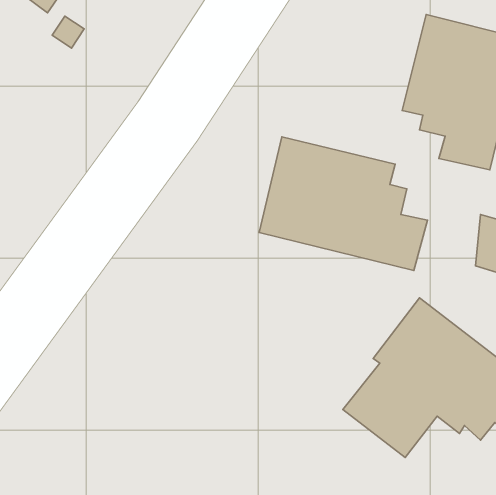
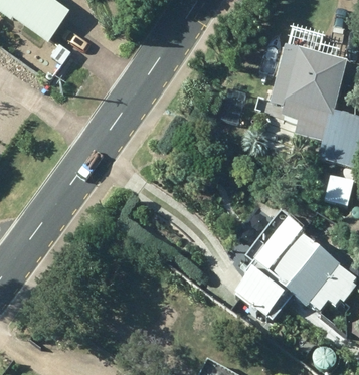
building: [259,137,428,270] -> none

